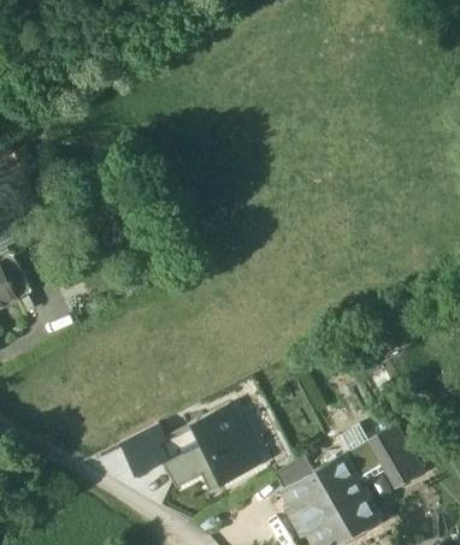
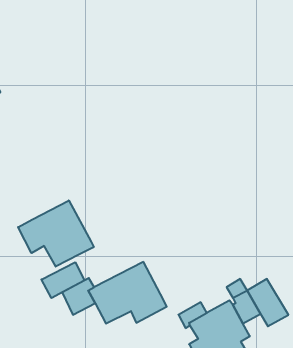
building: none -> [18,200,94,267]
building: none -> [41,262,84,298]

